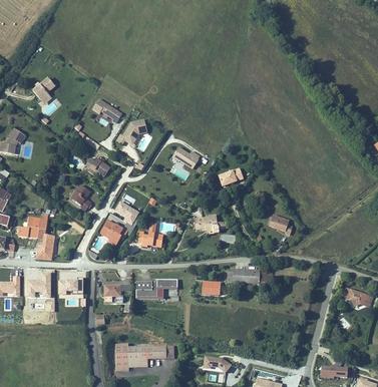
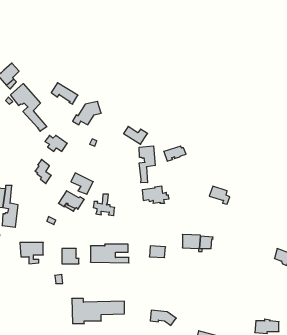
building: none -> [11,84,47,131]
building: none -> [139,146,155,183]

